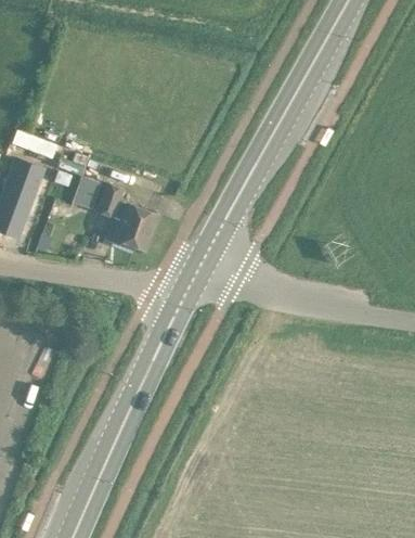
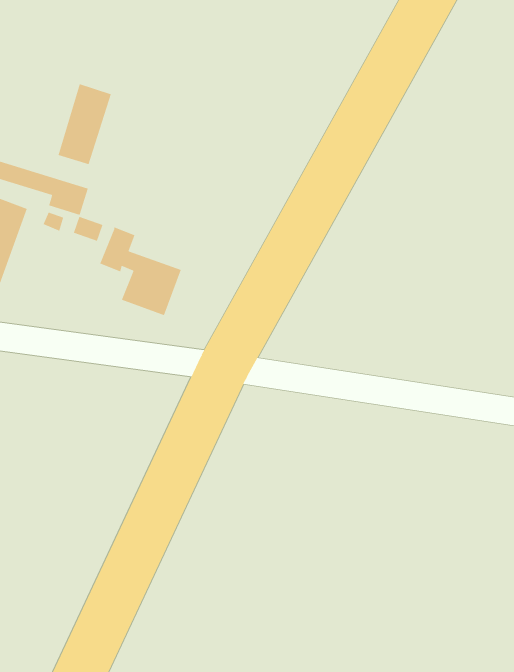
building: none -> [58,83,112,165]

